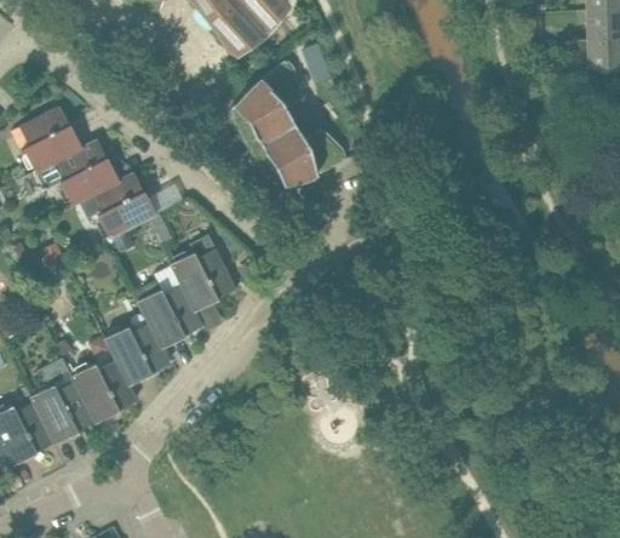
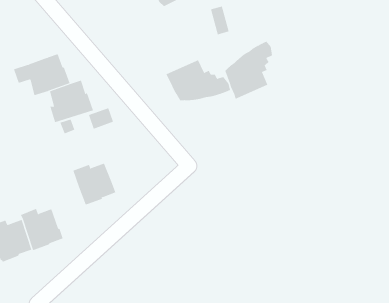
building: [230,61,295,149] -> [224,41,273,100]
building: [19,105,81,171] -> none
building: [170,235,236,310] -> none
building: [104,324,170,385] -> none

